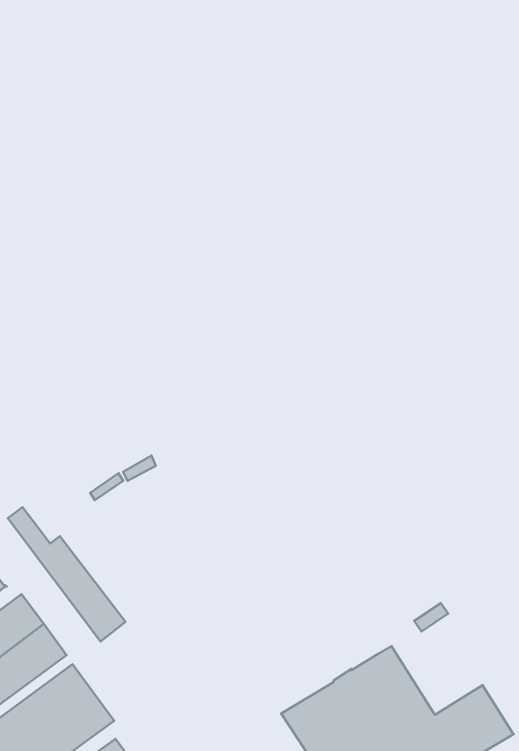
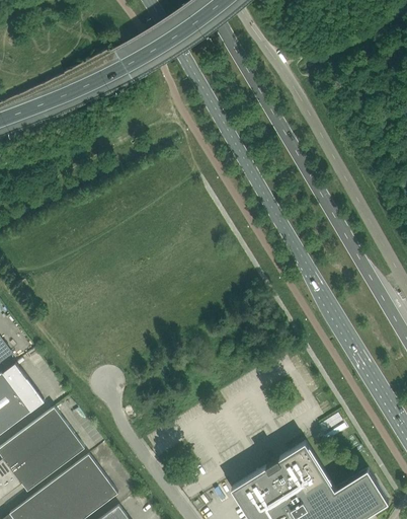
building: [8,507,125,642] -> none

